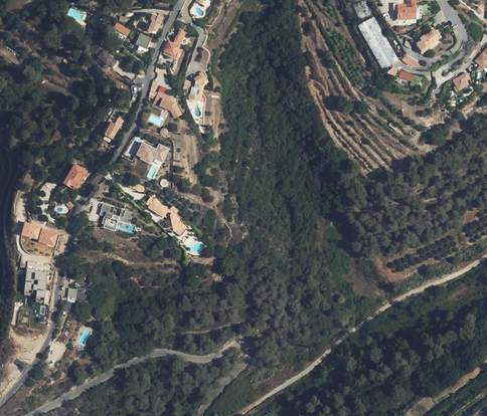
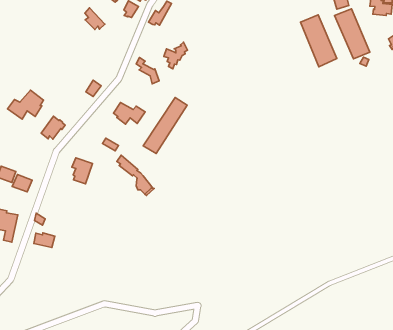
building: none -> [301,15,337,67]
building: none -> [143,97,187,154]
building: none -> [7,90,43,119]

